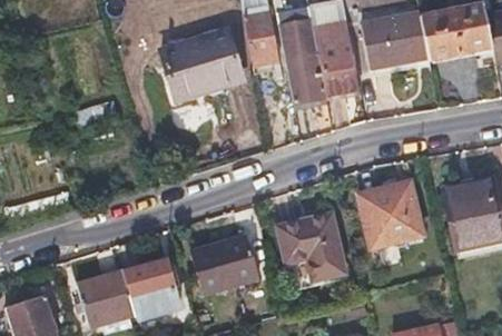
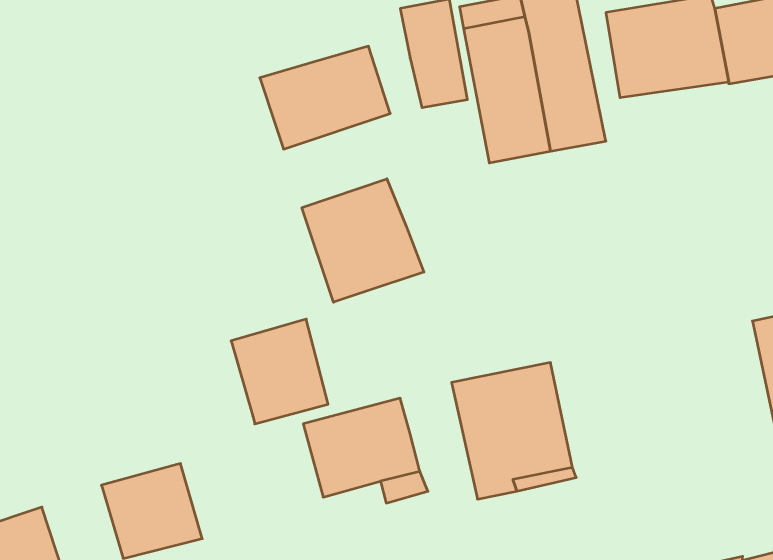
building: none -> [302,179,424,302]
building: [354,182,422,248] -> none
building: [122,259,177,318] -> [231,319,328,424]

